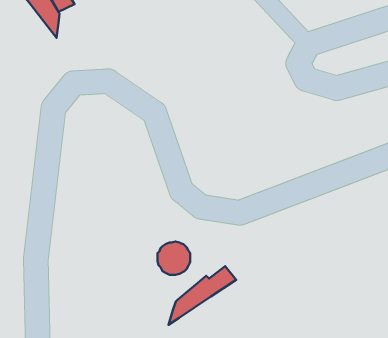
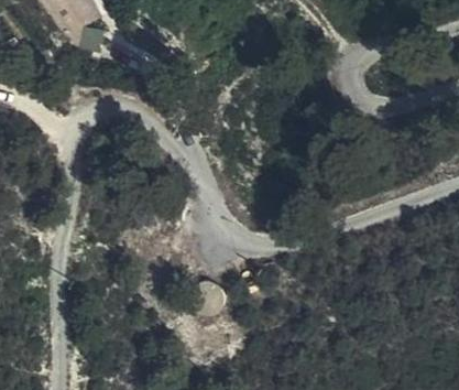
building: [169,266,236,325] -> none

